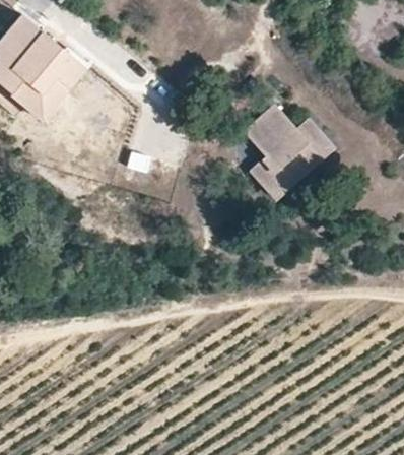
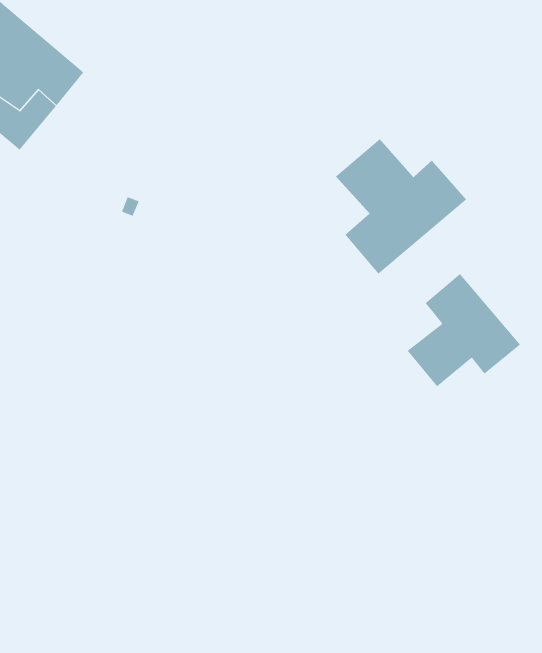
building: none -> [407,273,521,387]

